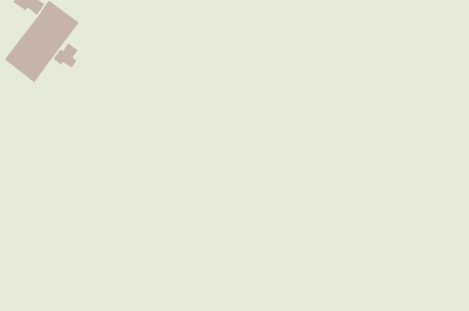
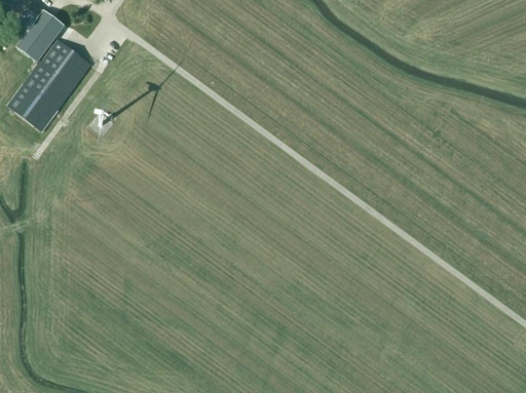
building: [52,42,79,69] -> none

